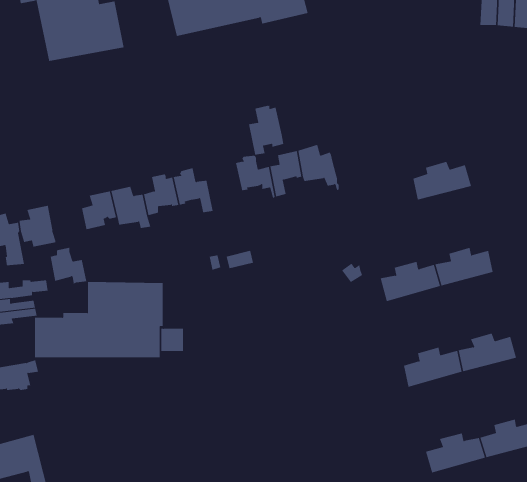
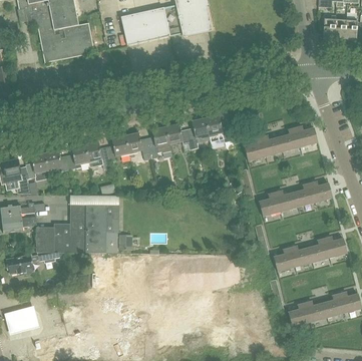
building: [248,105,284,155] -> [147,125,170,157]
building: none -> [244,134,283,160]
building: [50,247,87,285] -> [45,147,69,171]

